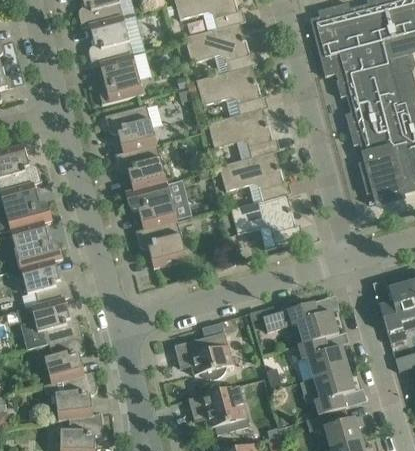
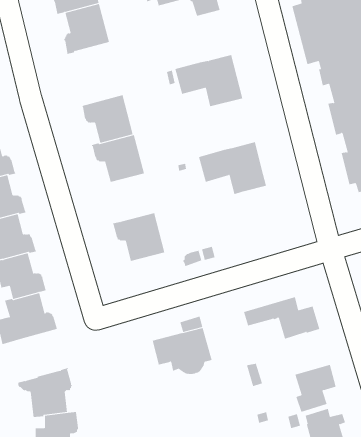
building: [185,23,252,74] -> none
building: [98,54,143,104] -> none
building: [208,109,275,157] -> none
building: [125,179,192,229] -> none
building: [231,194,298,249] -> none
building: [44,334,85,384] -> none
building: [290,337,348,378] -> none
building: [188,385,249,435] -> none

